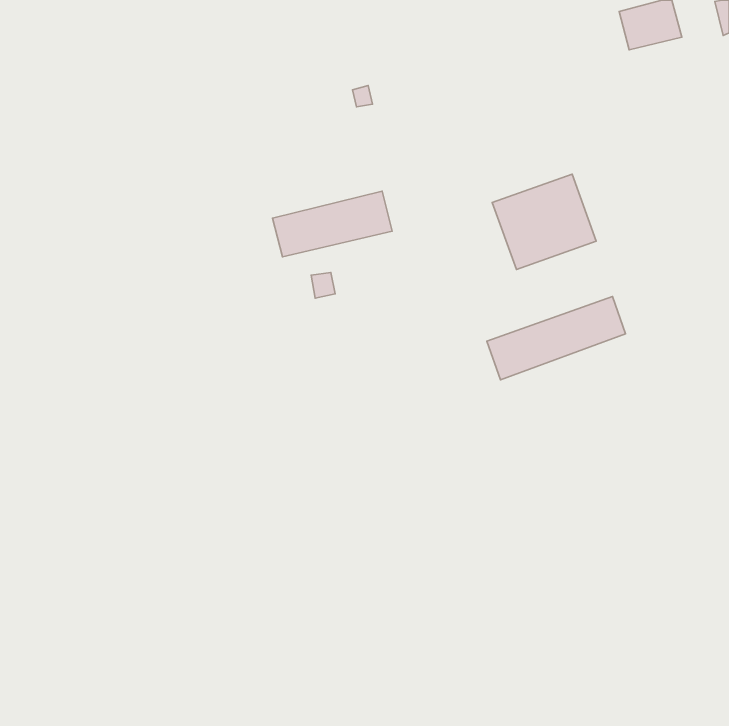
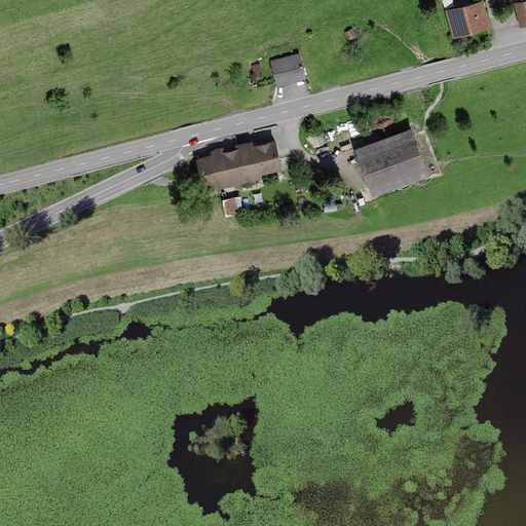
building: none -> [270,54,306,86]
building: [487,296,625,380] -> none

